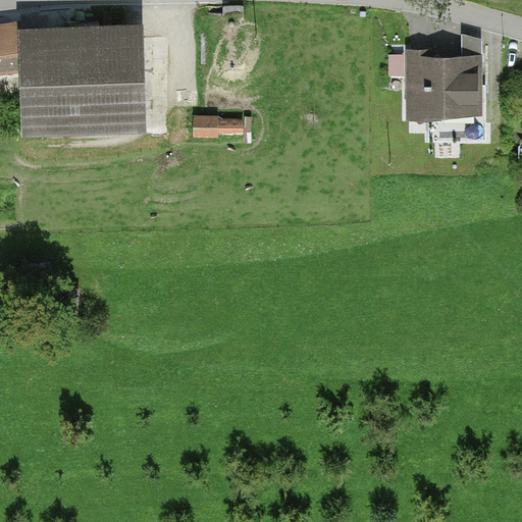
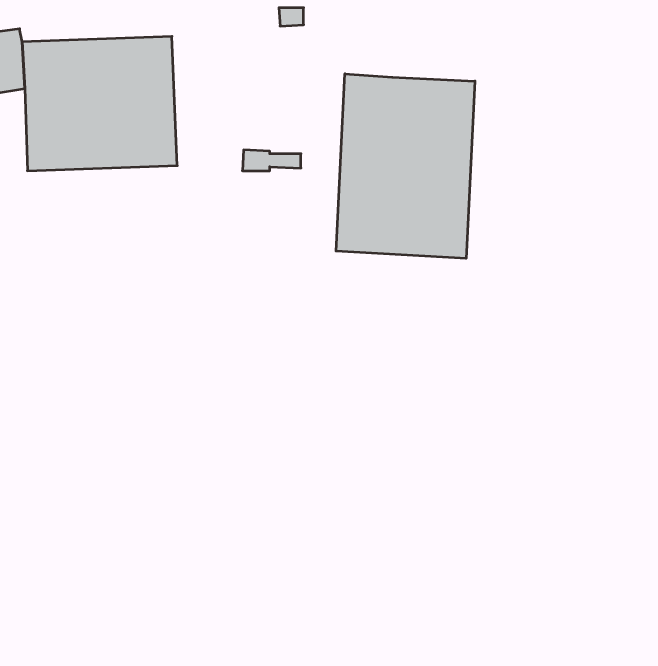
building: [411,50,491,116] -> none
building: none -> [336,74,475,258]

